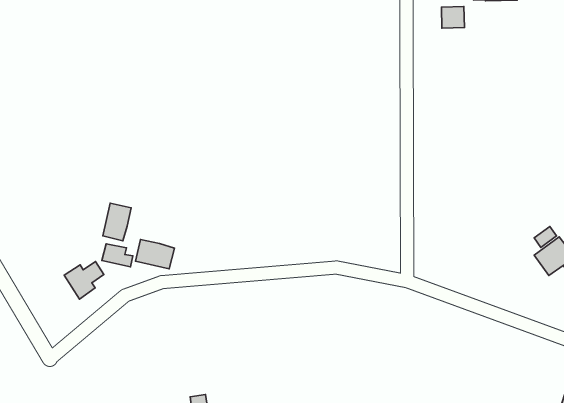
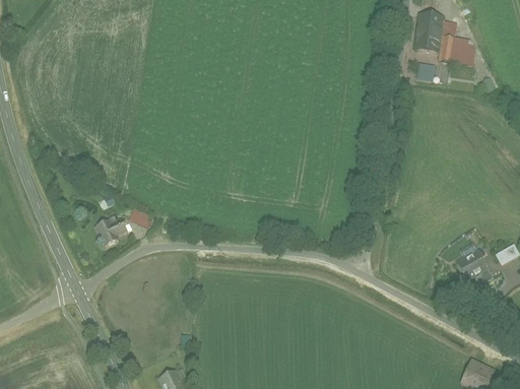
building: [103,203,131,241] -> none
building: [136,240,174,269] -> none

